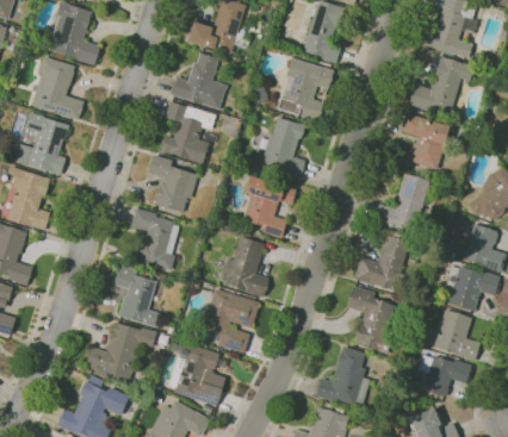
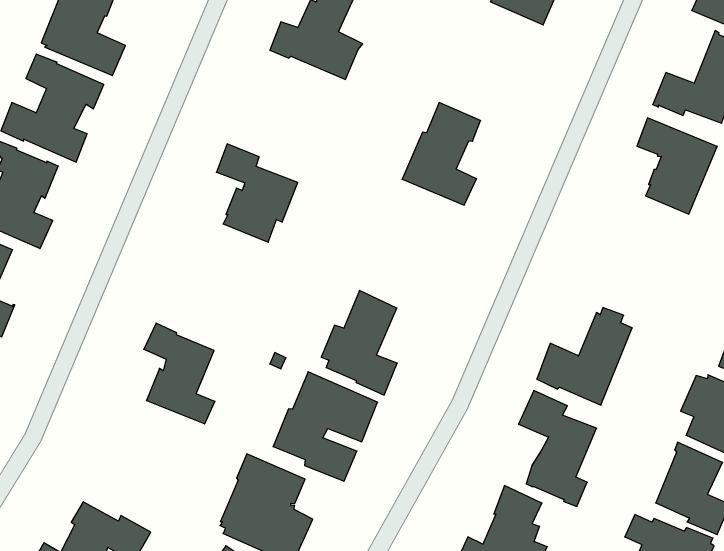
building: [278,57,334,120] -> none
building: [161,101,216,164] -> none
building: [373,173,429,232] -> none
building: [242,176,297,238] -> none
building: [131,208,179,270] -> none
building: [86,323,156,383] -> none

